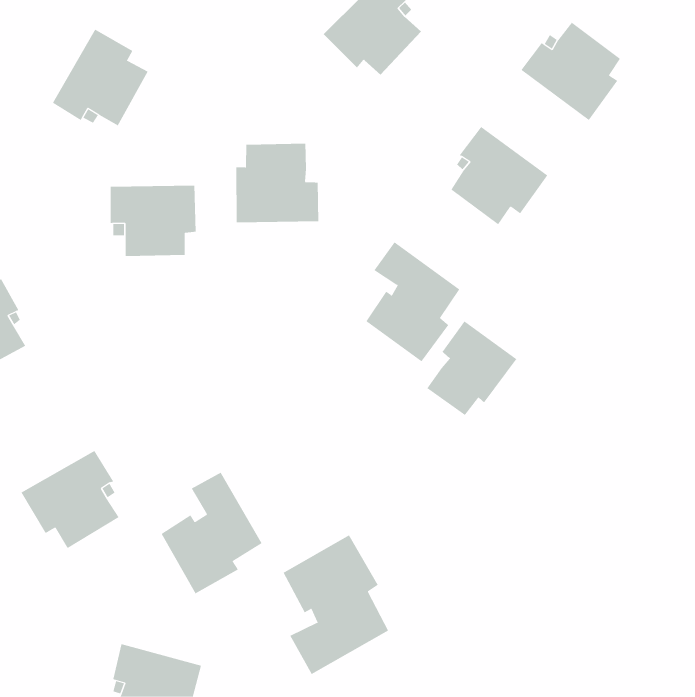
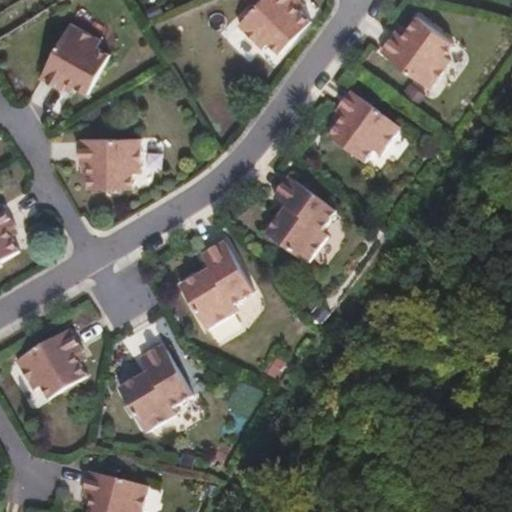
building: [236,143,319,223] -> none
building: [427,320,517,416] -> none
building: none -> [179,239,251,329]
building: [283,535,389,675] -> none

